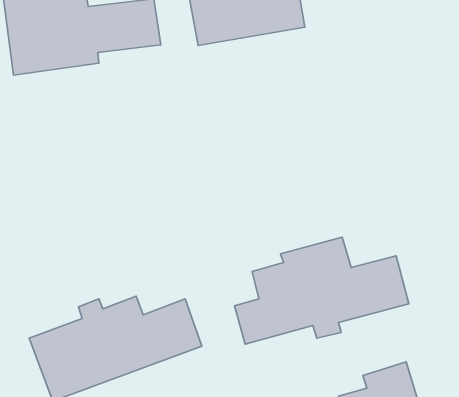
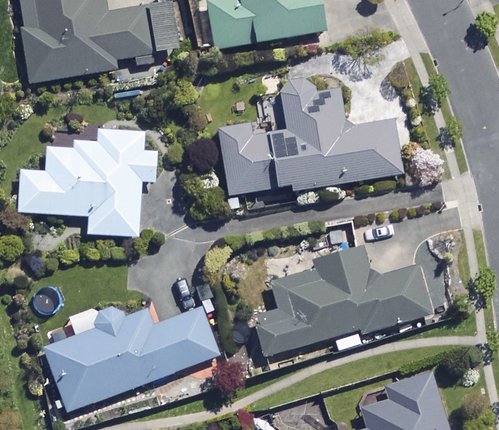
building: none -> [220,73,405,194]
building: none -> [19,130,158,236]

